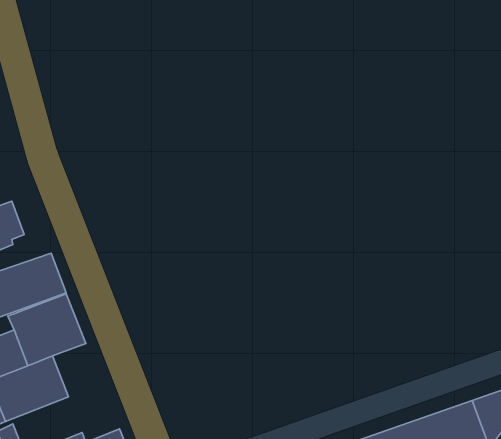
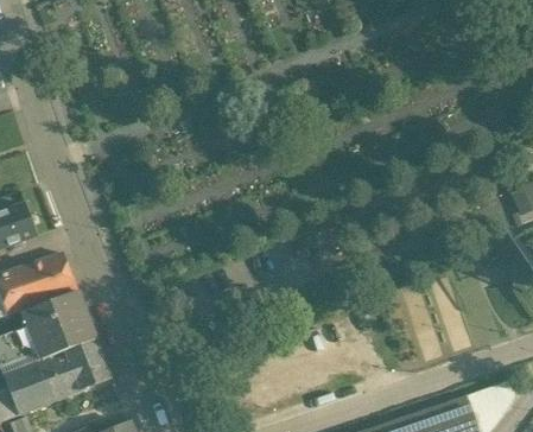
building: none -> [62,339,108,390]

